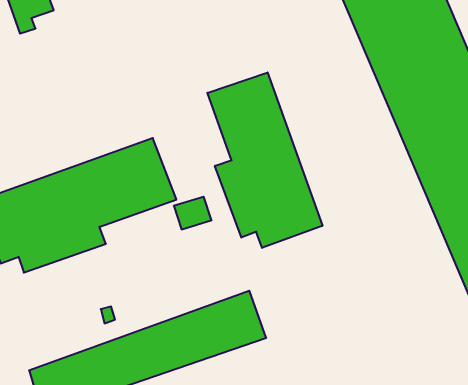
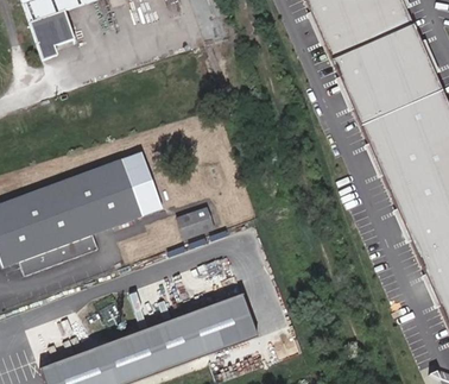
building: [207,72,322,248] -> none

